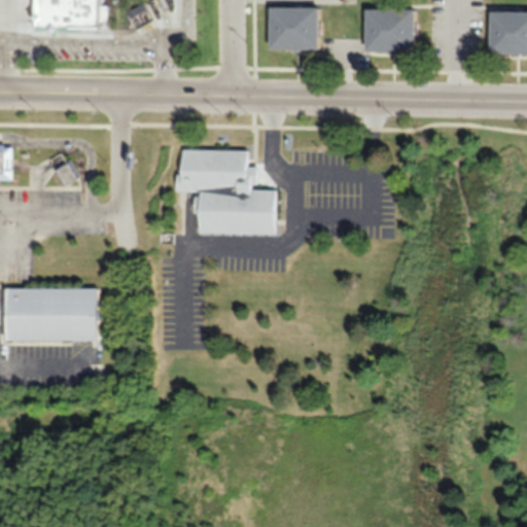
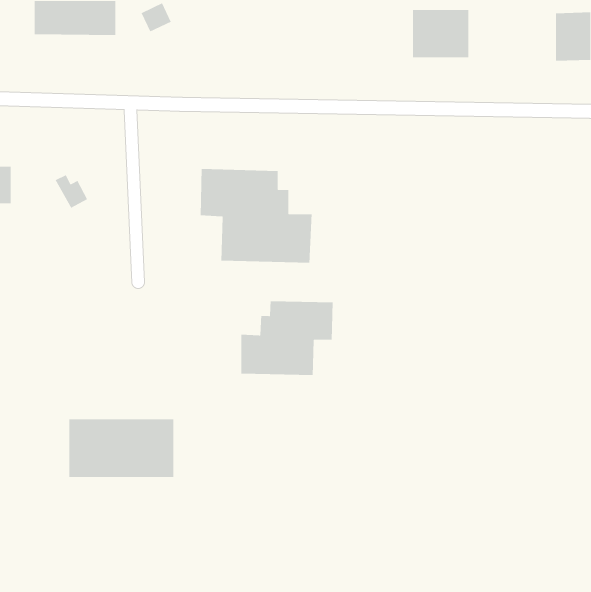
building: [270,7,320,51] -> none
building: none -> [240,301,334,376]
building: [4,288,98,341] -> [69,419,174,478]

